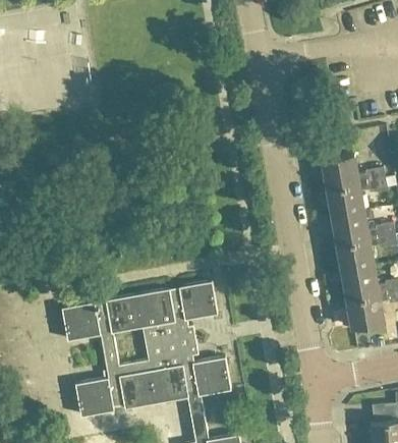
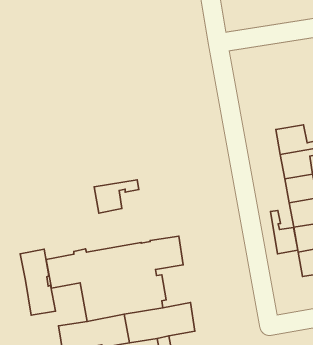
building: none -> [94,180,139,213]
building: none -> [271,210,298,254]
building: none -> [20,249,55,315]

